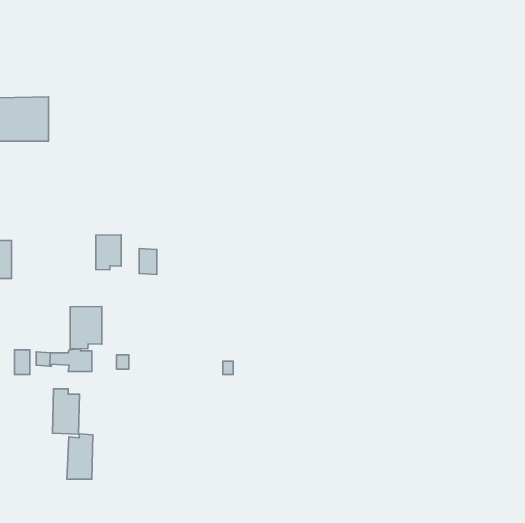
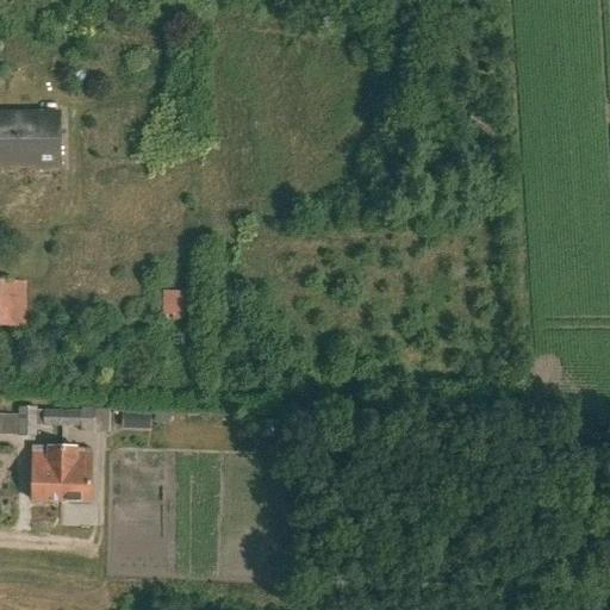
building: [96,235,121,270] -> none
building: [70,307,102,349] -> none
building: [67,434,93,479] -> [32,448,62,500]

